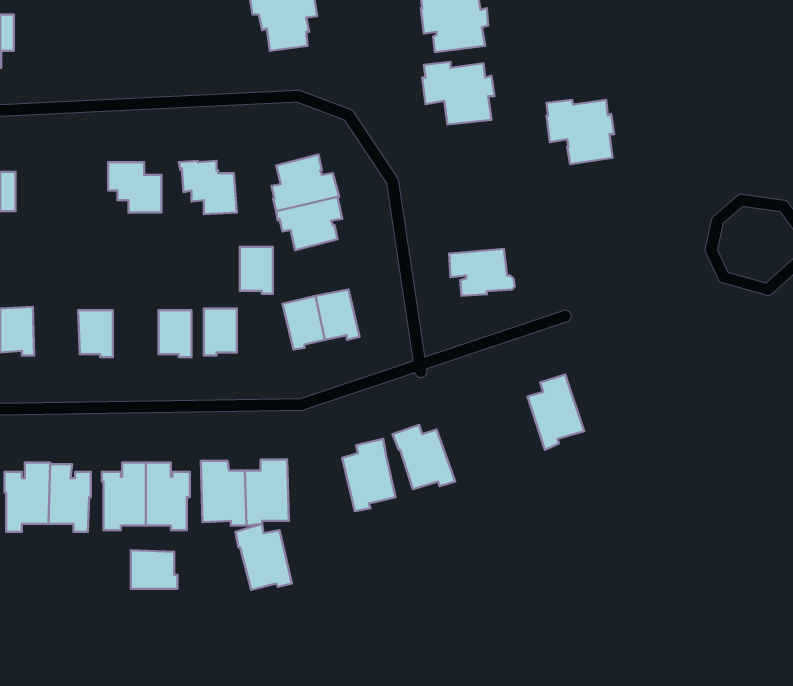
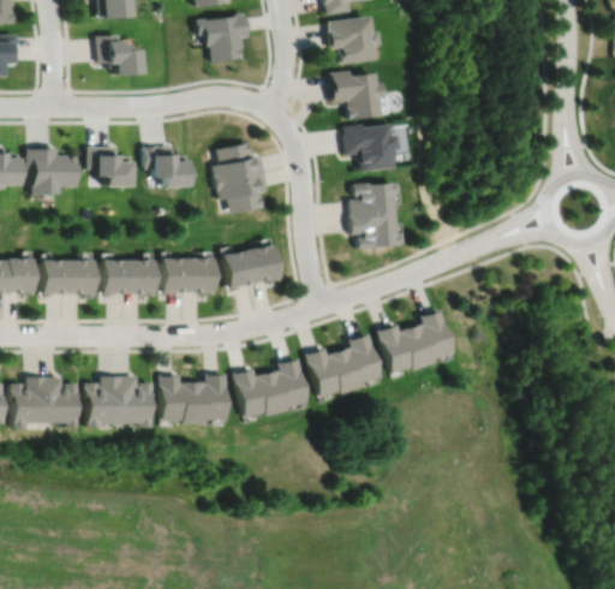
building: none -> [97,34,139,73]
building: [547,100,614,164] -> [345,123,396,172]
building: none -> [29,147,78,195]
building: none -> [351,182,396,216]
building: [240,247,273,294] -> [189,258,214,294]
building: none -> [42,260,68,296]
building: none -> [102,260,129,296]
building: none -> [377,323,424,373]
building: none -> [341,334,382,391]
building: [235,524,292,590] -> [235,368,279,418]
building: [131,550,177,589] -> none

